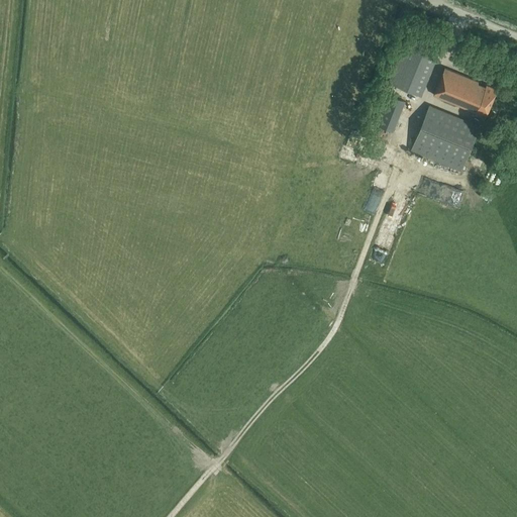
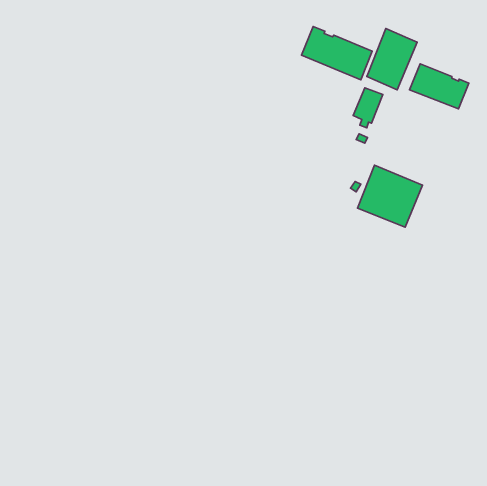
building: none -> [302,26,372,80]
building: [411,106,480,172] -> [357,165,422,227]

